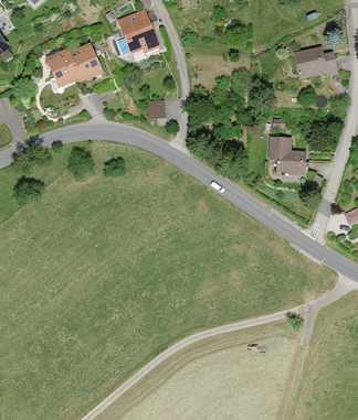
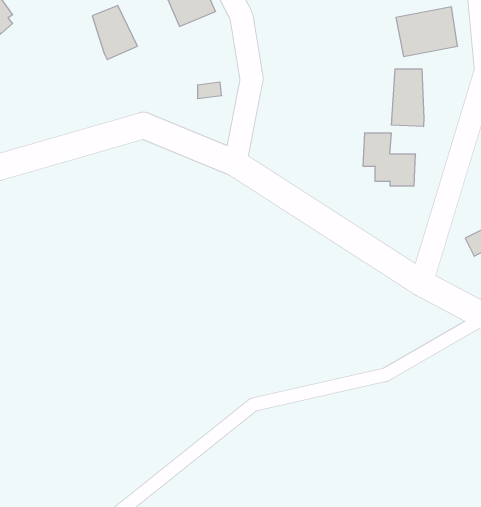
building: [45,47,78,87] -> none
building: none -> [391,69,424,127]

